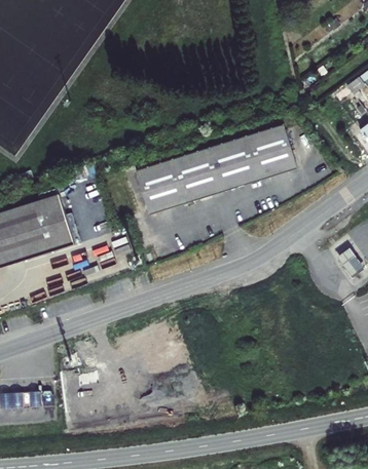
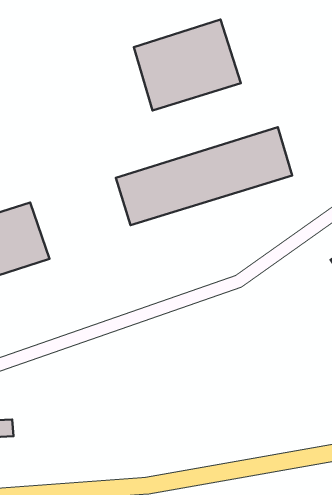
building: none -> [134,19,241,111]

